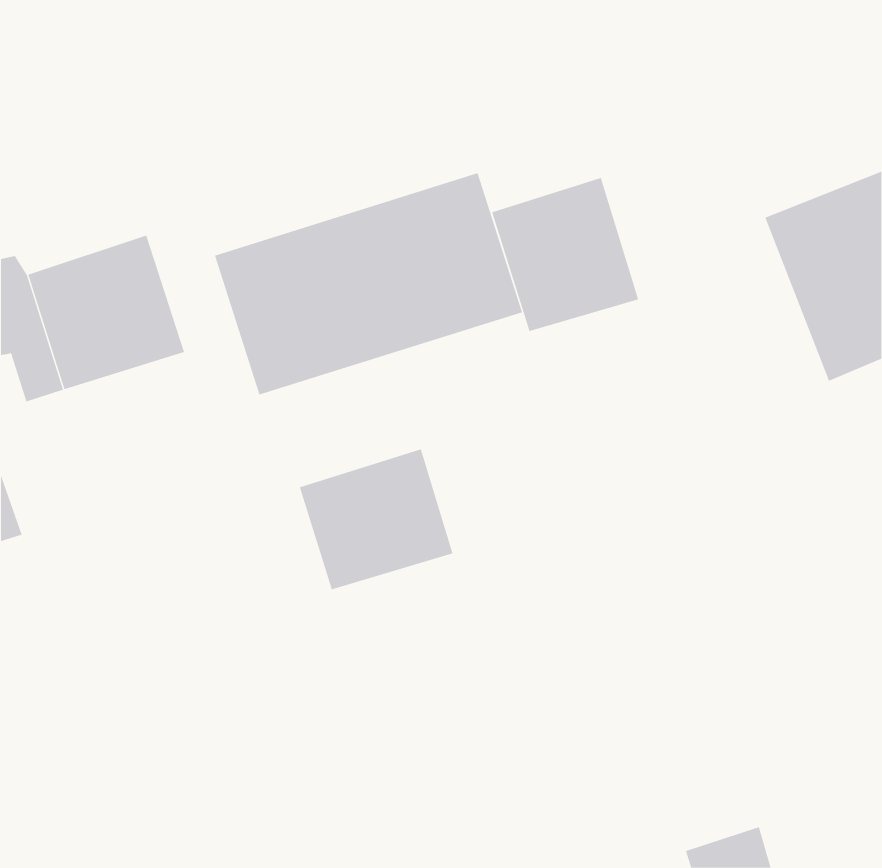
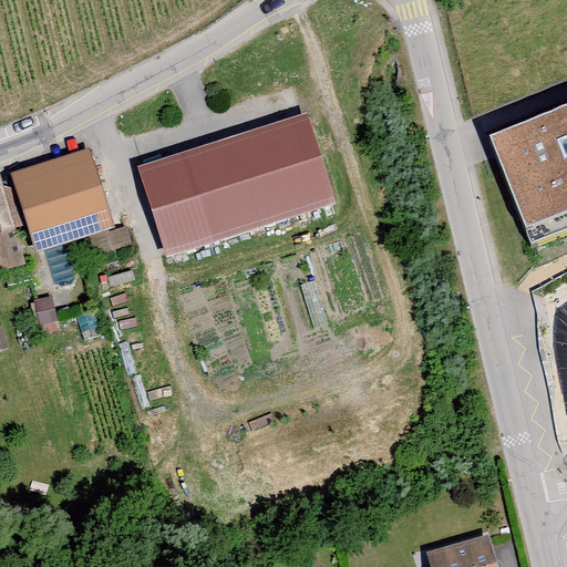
building: [491,177,639,332] -> none
building: [299,449,453,590] -> none

